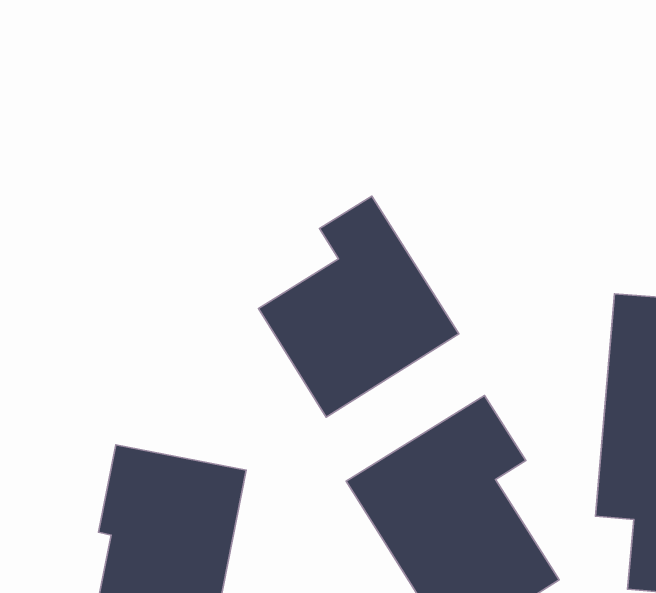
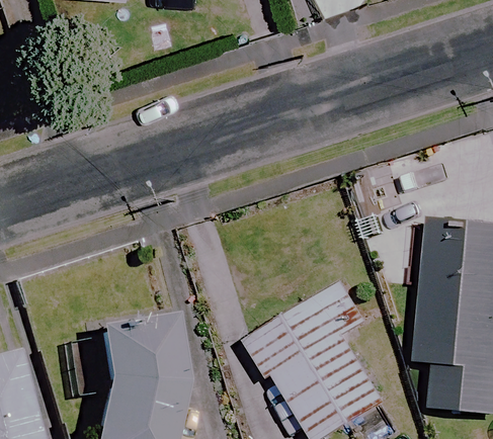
building: [258,196,459,417] -> none

